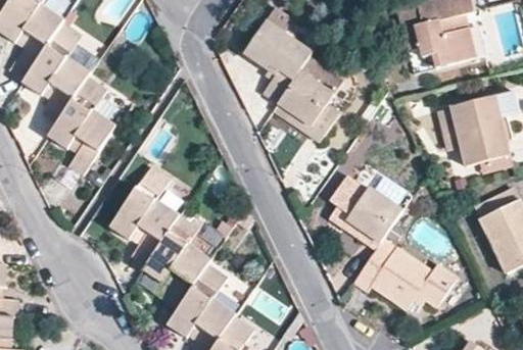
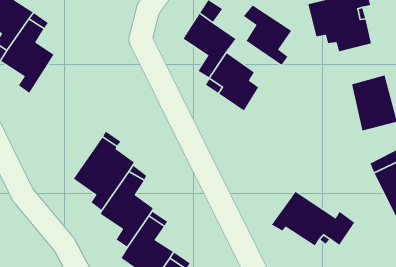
building: none -> [243,4,292,66]
building: [48,76,120,173] -> none
building: [330,174,403,248] -> none

